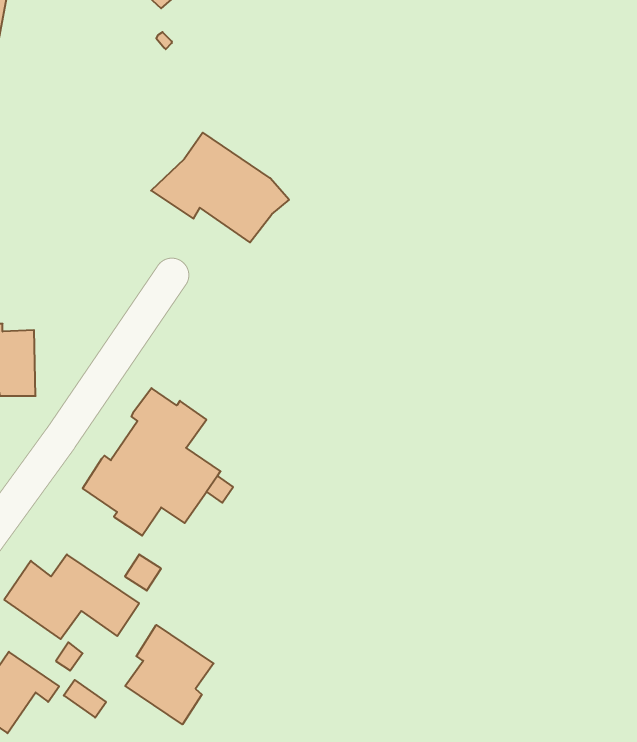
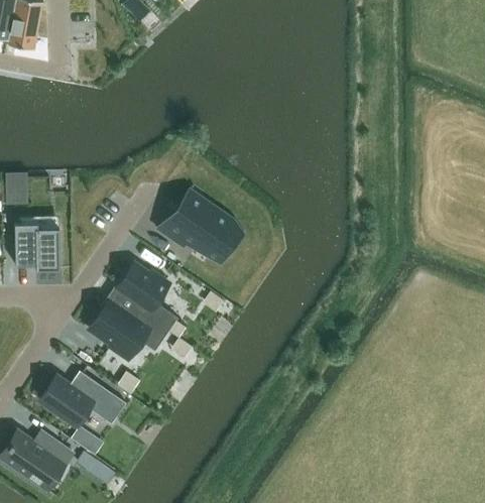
building: [151,133,289,242] -> [156,191,245,261]
building: [125,625,214,724] -> none

